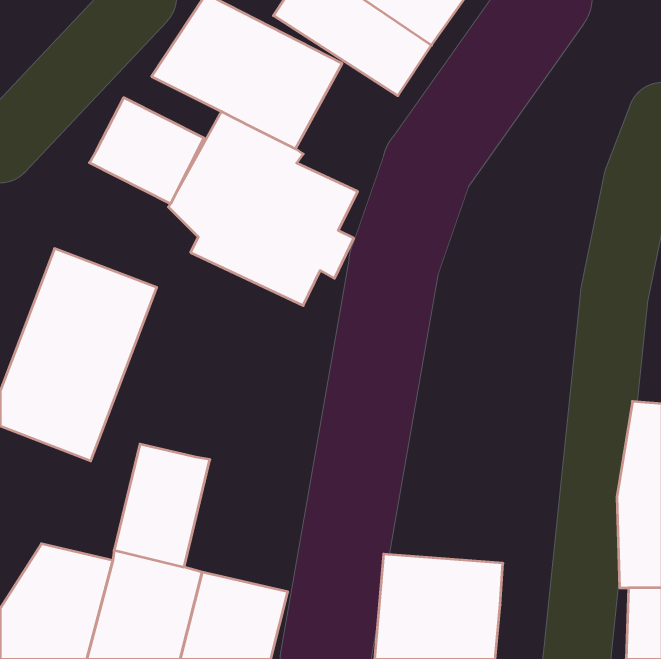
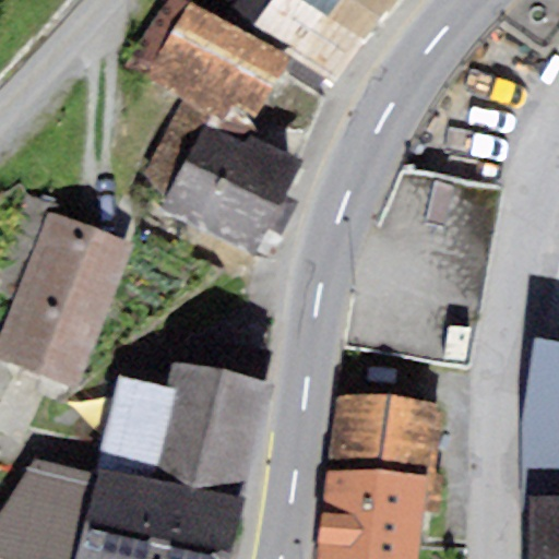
building: [89,98,204,204] -> none
building: none -> [156,360,271,499]
building: none -> [324,392,443,511]

